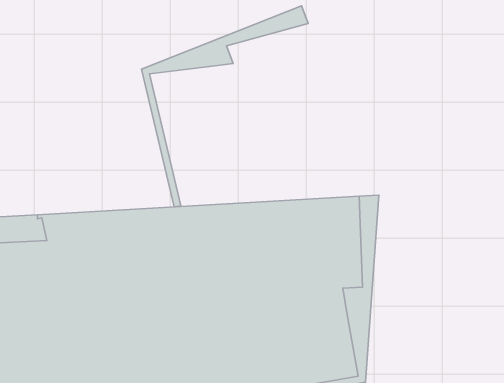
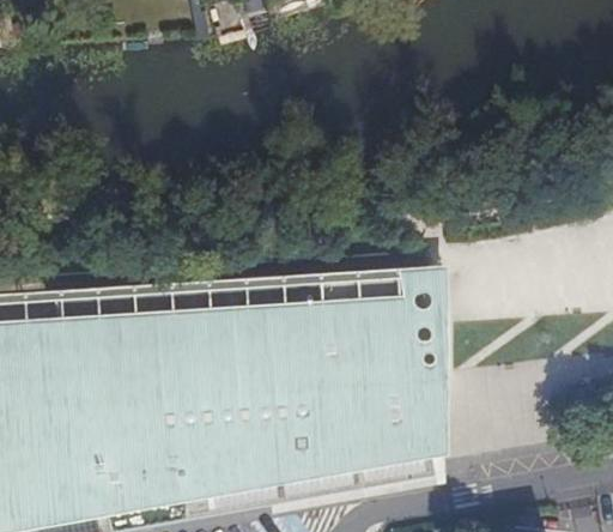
building: [141,6,308,207] -> none

